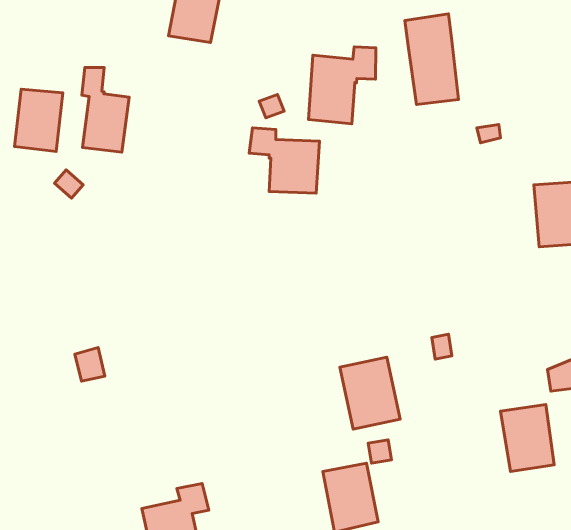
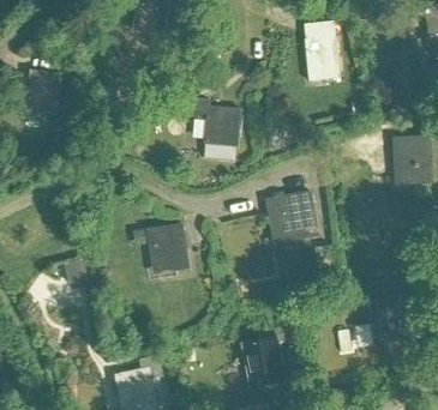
building: [309,47,376,124] -> none
building: [82,67,129,152] -> none
building: none -> [148,222,192,271]
building: [340,357,400,429] -> [275,192,318,243]

